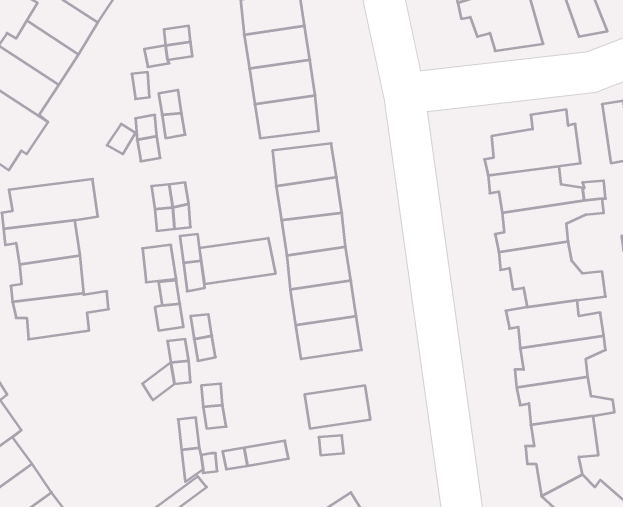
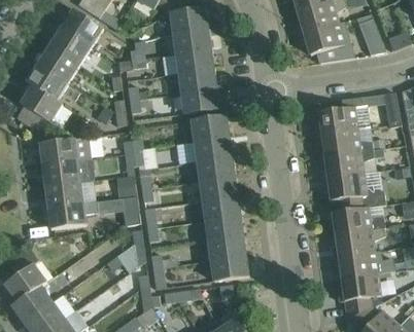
building: [200,238,275,284] -> none
building: none -> [208,235,245,261]

